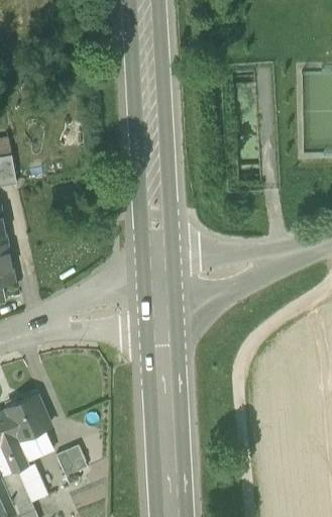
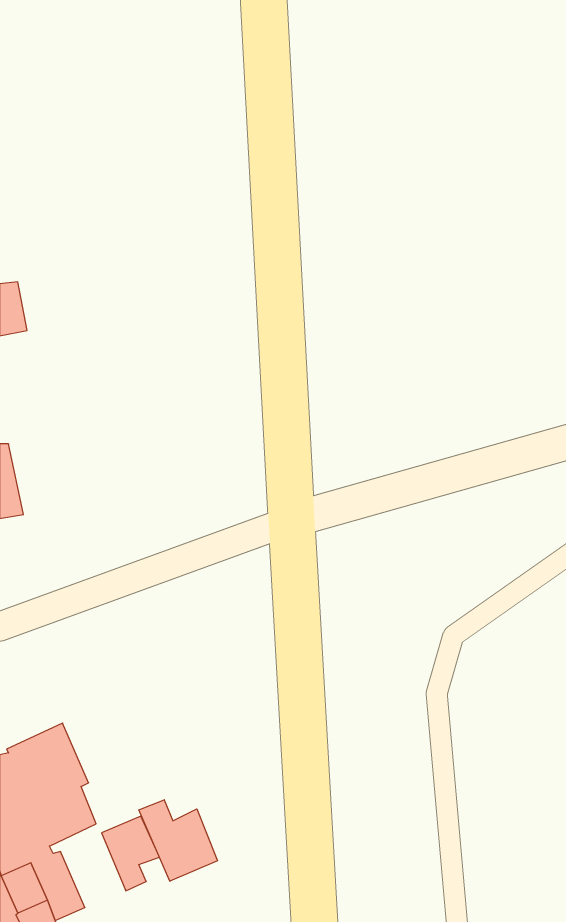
building: none -> [139,800,218,881]

